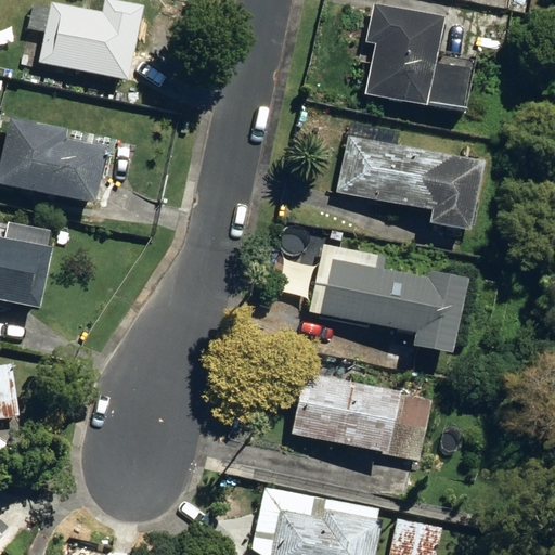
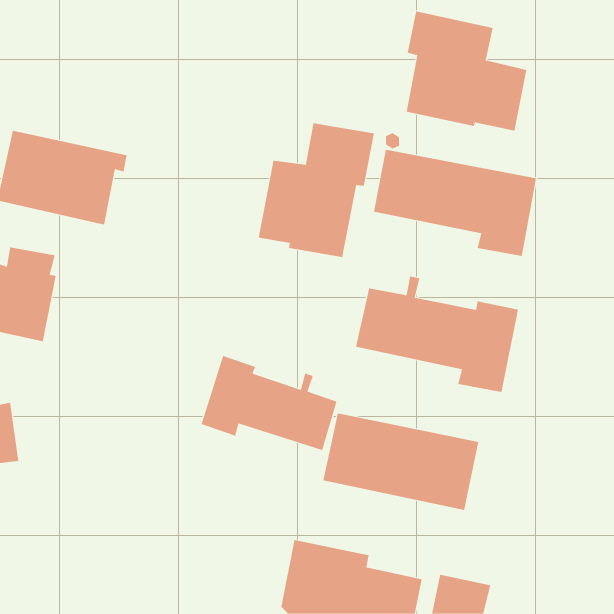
building: [39,4,144,89] -> none
building: none -> [258,123,375,258]
building: none -> [201,355,337,451]

